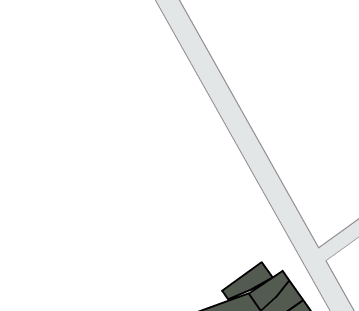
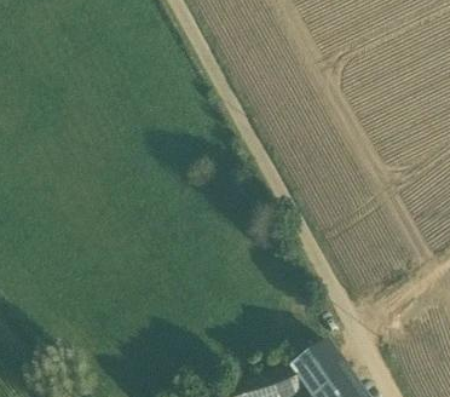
building: [222,262,273,299] -> none

